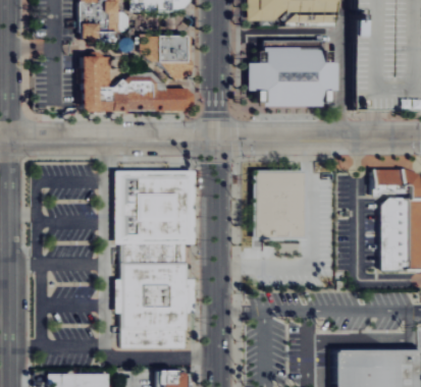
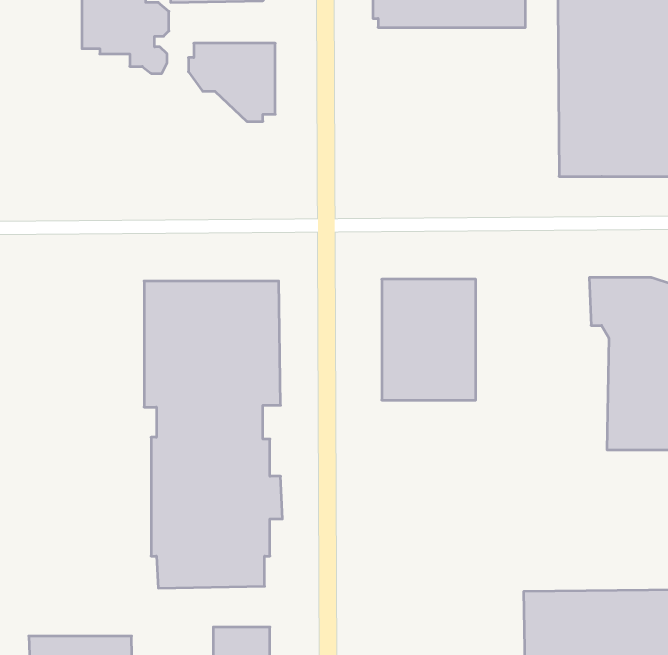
building: [248,40,335,106] -> none
building: [76,56,192,112] -> none

